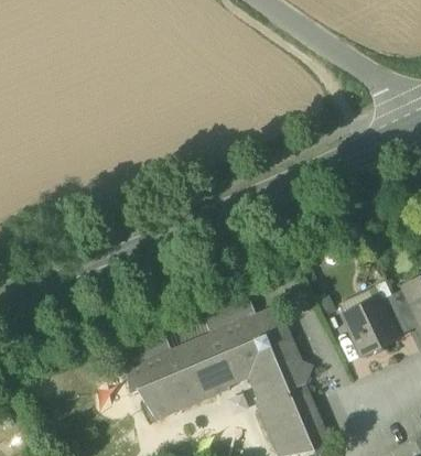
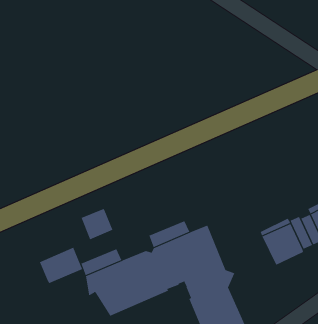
building: none -> [81,208,113,240]
building: none -> [39,247,83,284]

